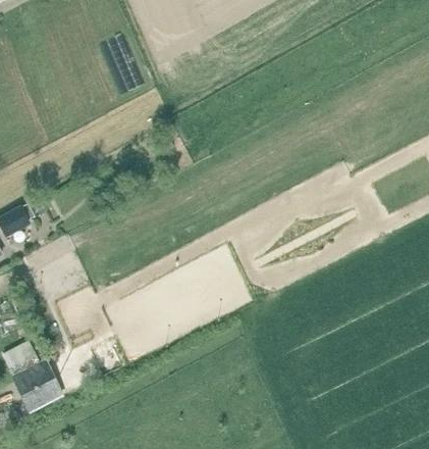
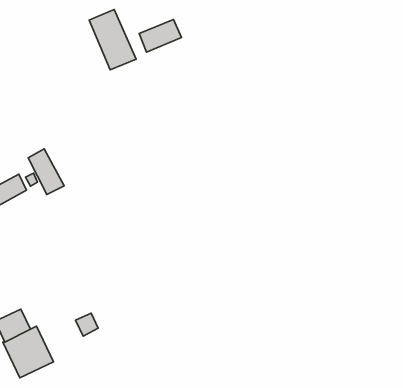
building: none -> [139,19,182,52]
building: none -> [28,149,64,194]

